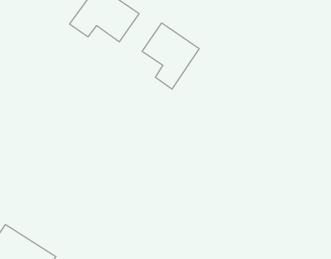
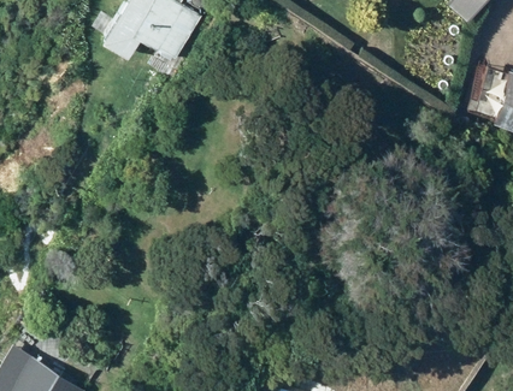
building: [142,23,199,89] -> none

